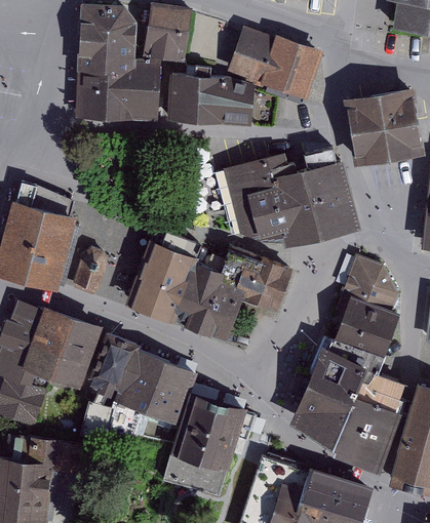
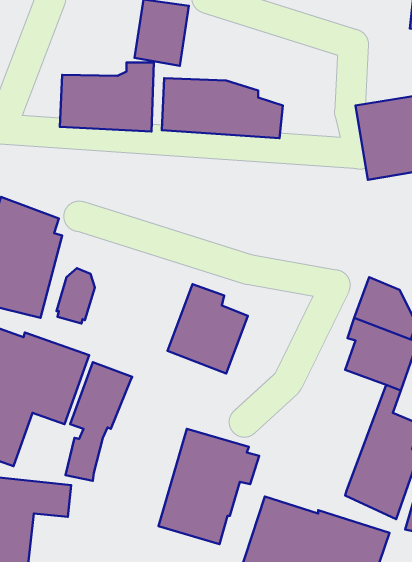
building: [76,8,136,73] -> none
building: [228,27,322,99] -> none
building: [223,149,362,247] -> none
building: [126,232,200,322] -> none
building: [221,249,292,312] -> none
building: [289,339,370,449] -> none
building: [106,350,195,440] -> none

